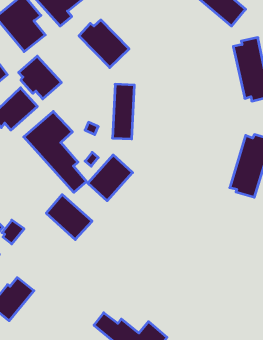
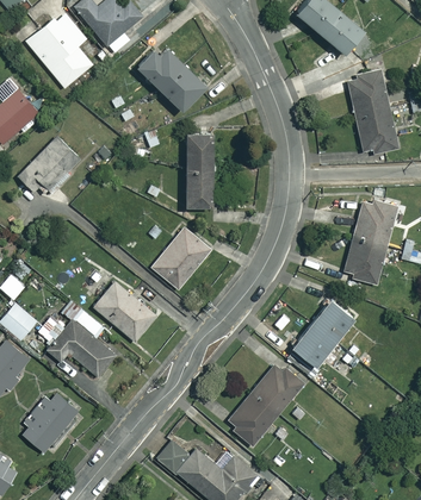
building: [19,56,61,99] -> none
building: [24,111,86,192] -> none
building: none -> [291,298,354,364]
building: none -> [49,311,117,379]
building: none -> [229,362,303,446]

